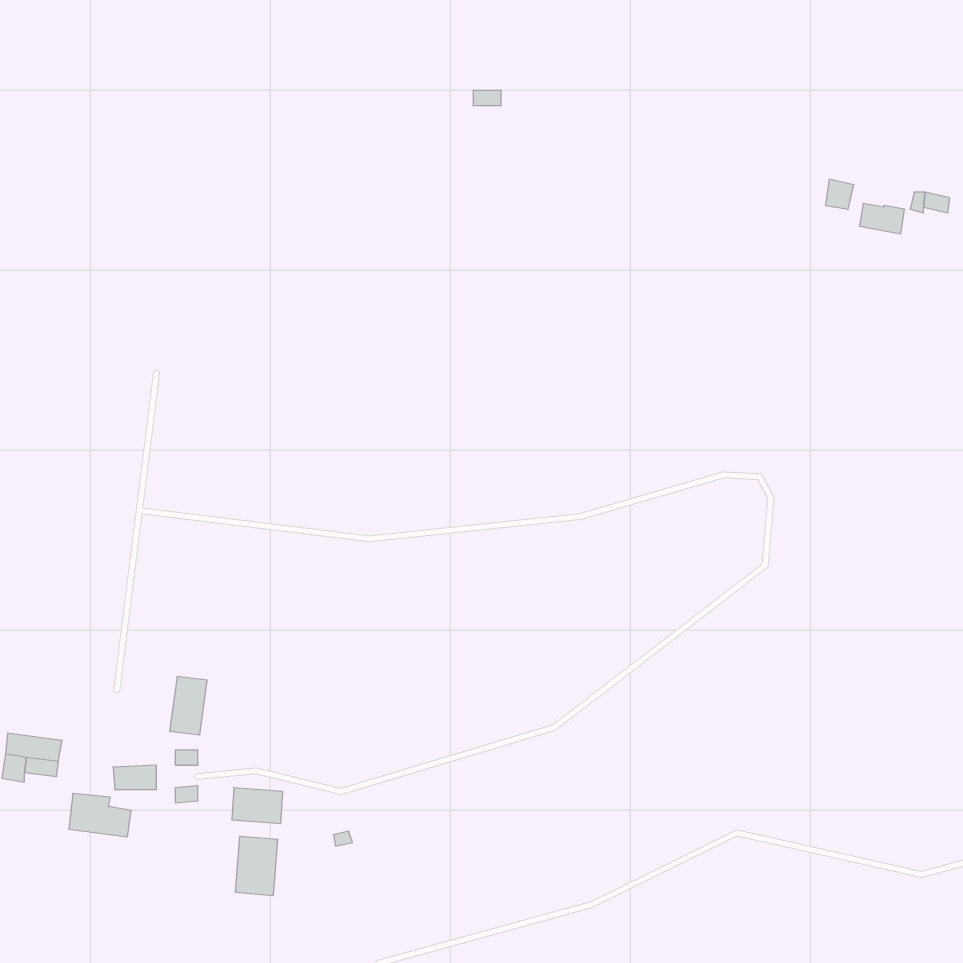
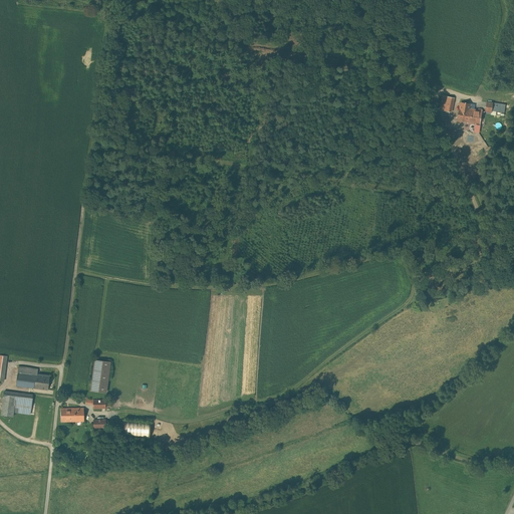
building: [69,793,131,837] -> [16,366,49,390]
building: [236,836,277,896] -> none

